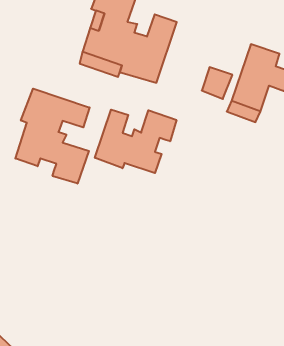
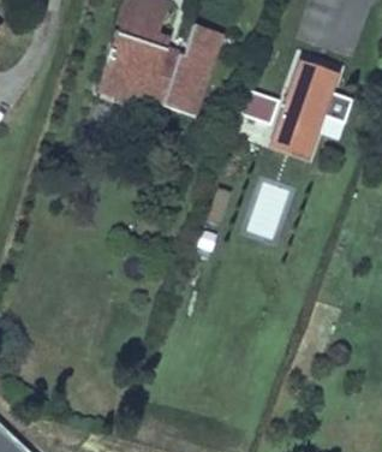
building: [15,89,90,184] -> none
building: [95,110,176,173] -> none

